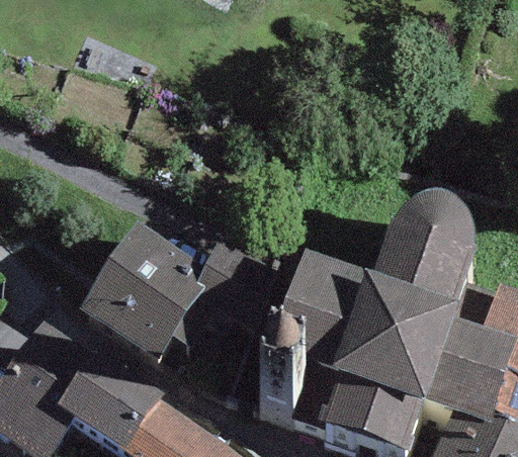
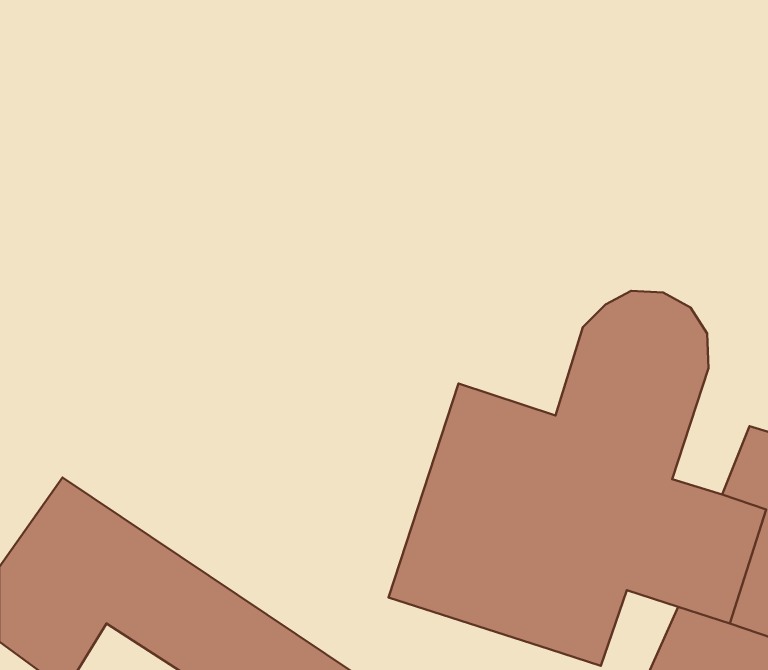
building: [80,218,288,356] -> none

